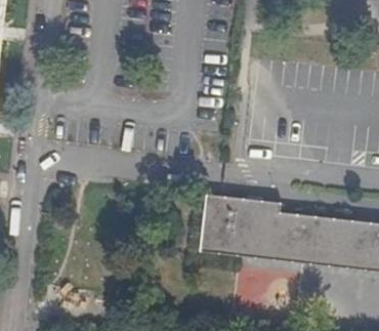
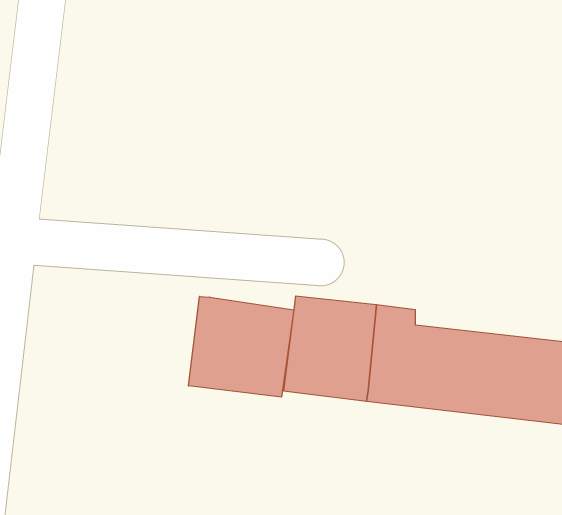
building: none -> [189,296,294,397]

